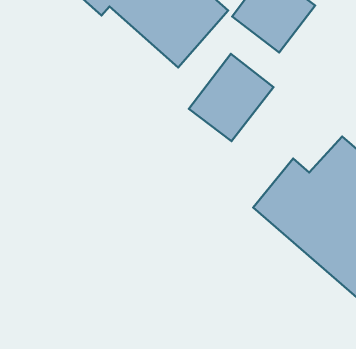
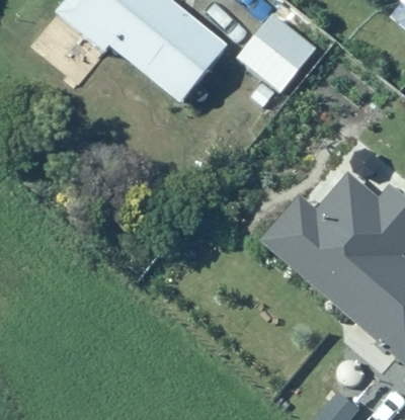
building: [189,54,273,141] -> none

